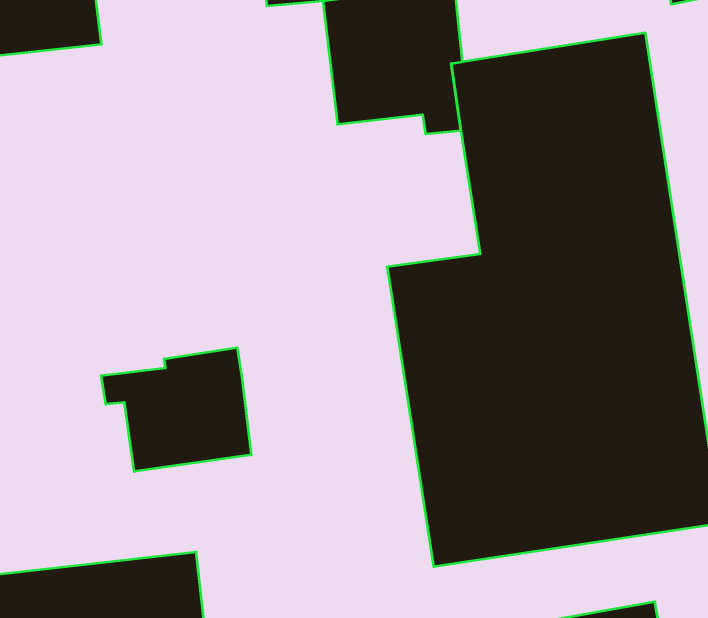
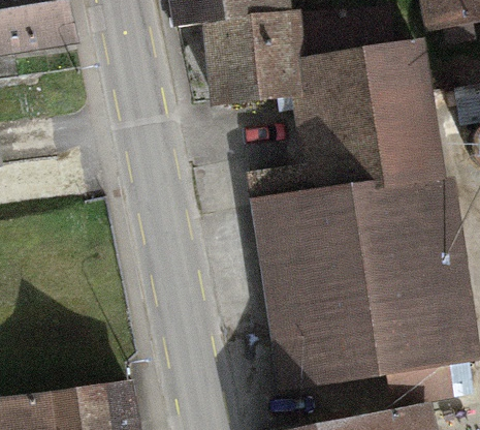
building: [101,348,251,472] -> none

